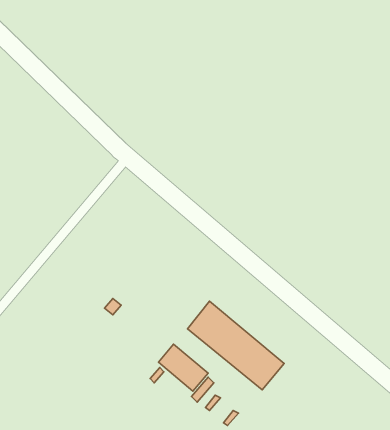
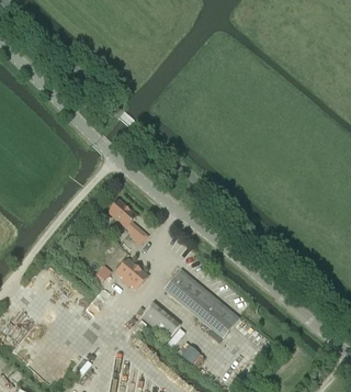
building: none -> [109,200,147,243]
building: none -> [116,258,147,288]

